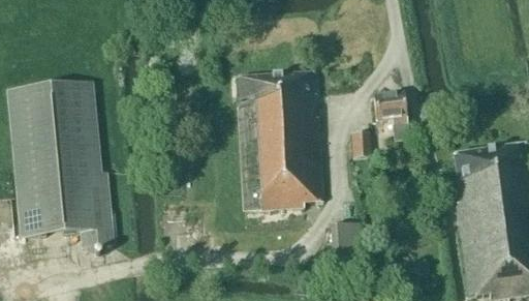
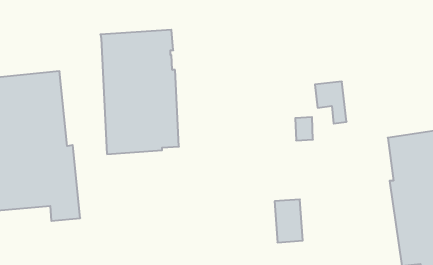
building: [236,71,322,209] -> [100,30,179,154]

